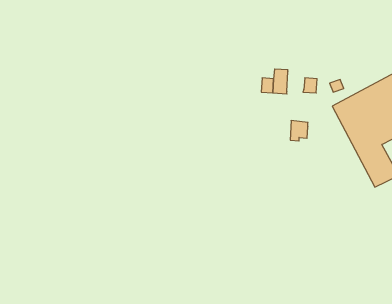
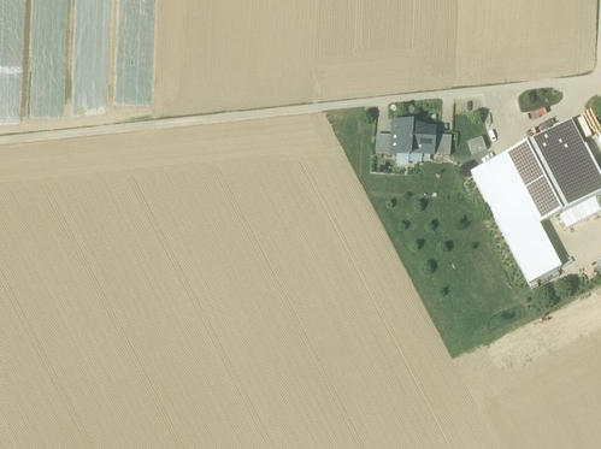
building: [290,121,308,141] -> [409,124,434,152]

